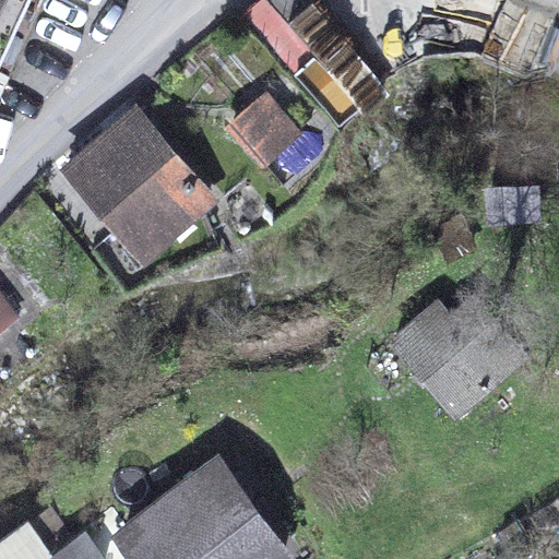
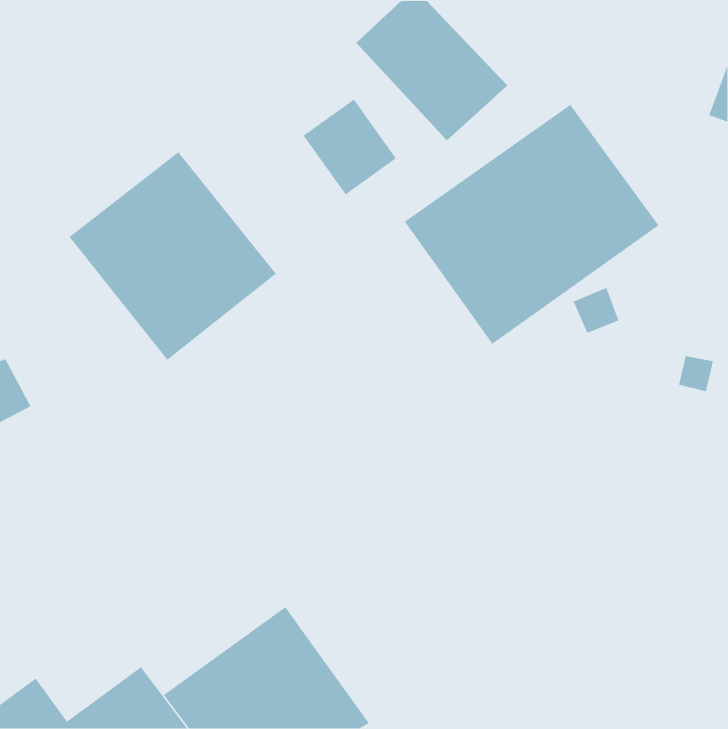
building: none -> [404,104,659,345]
building: [396,297,524,411] -> none

